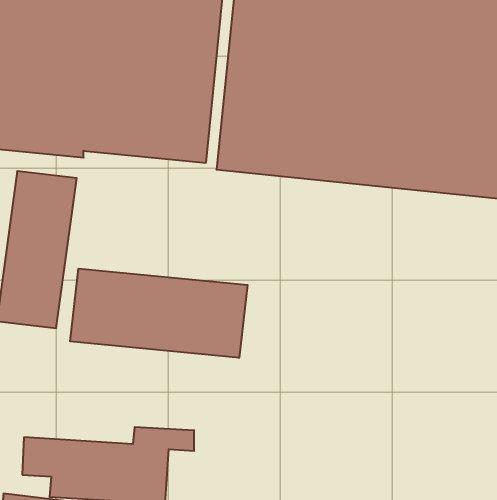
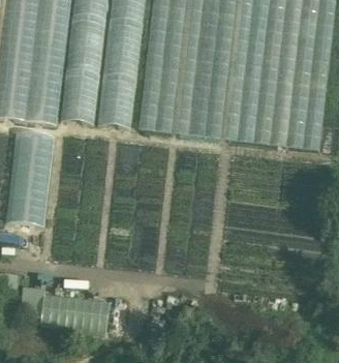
building: [70,269,248,358] -> none

